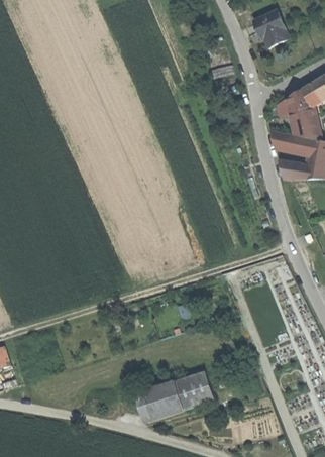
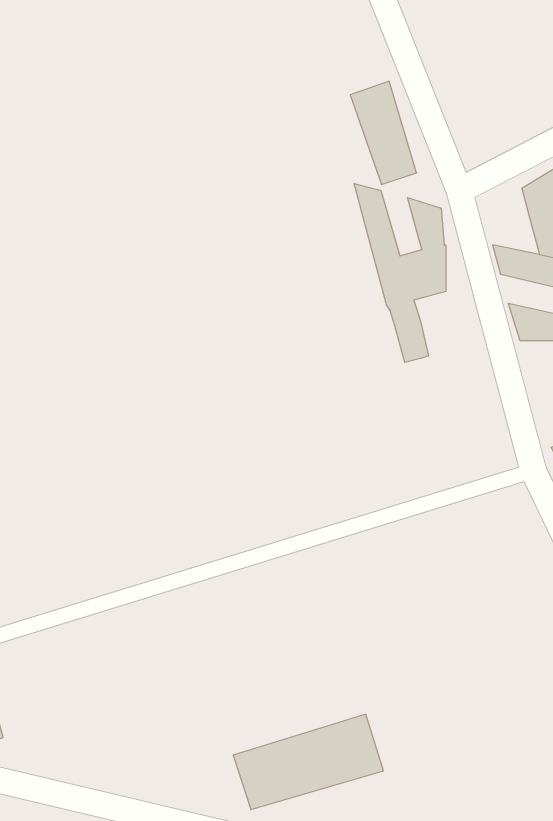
building: [248,11,282,45] -> none
building: none -> [354,183,446,362]

